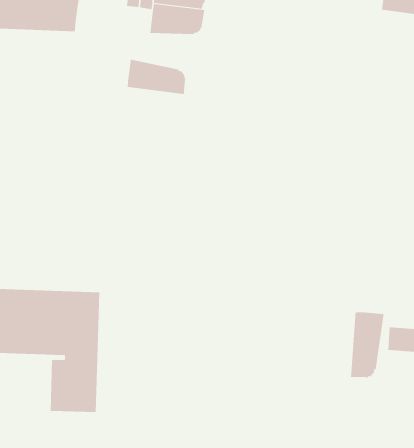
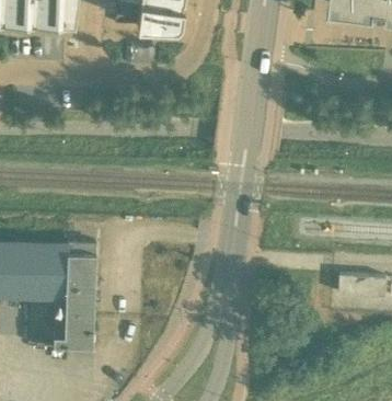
building: [127,59,186,95] -> none
building: [350,311,384,378] -> none

